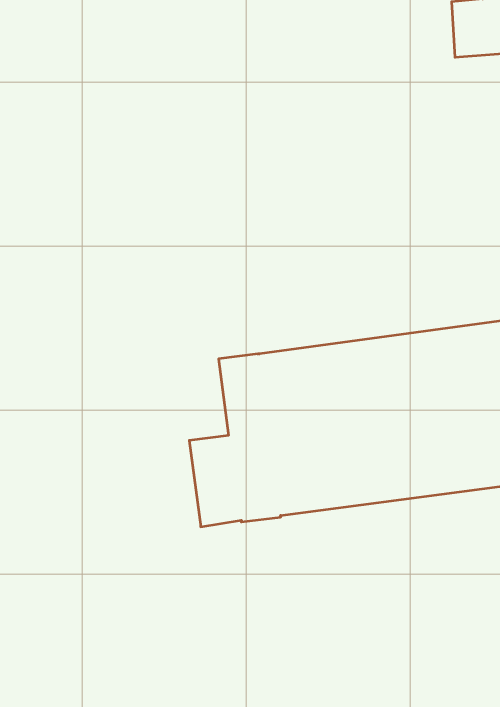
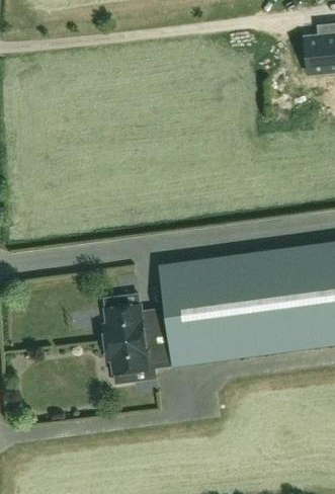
building: none -> [104,297,149,384]

